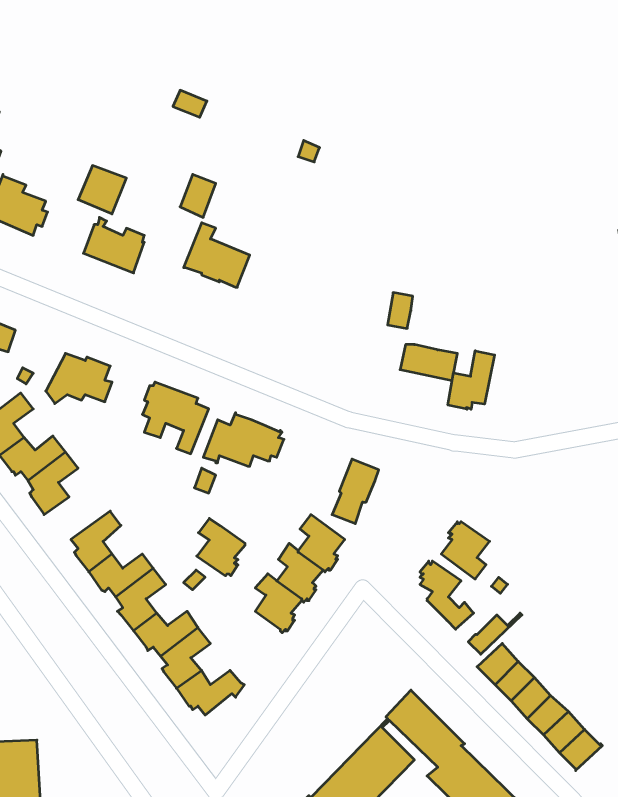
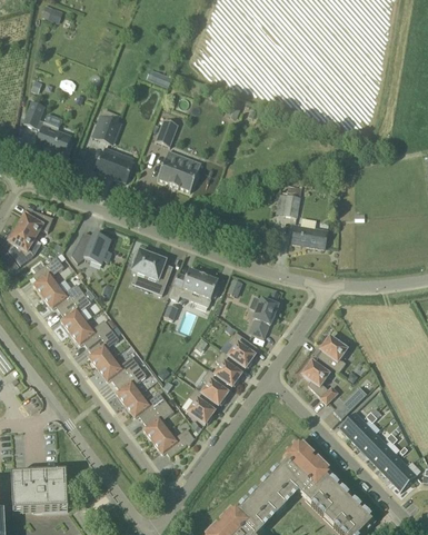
building: [448,351,495,409] -> none
building: none -> [70,319,111,347]
building: [197,518,245,576] -> [187,387,217,423]

